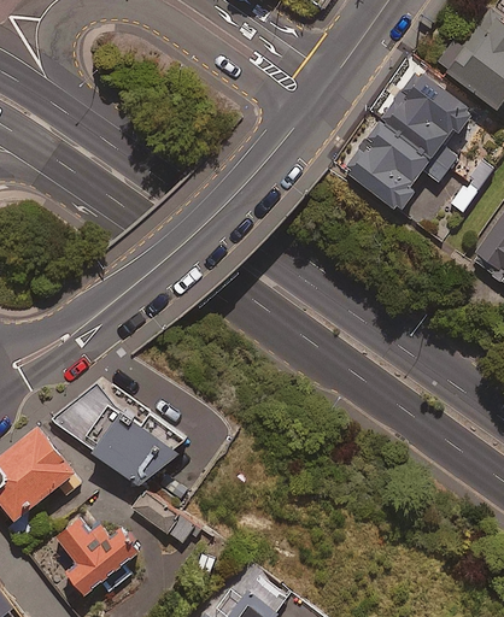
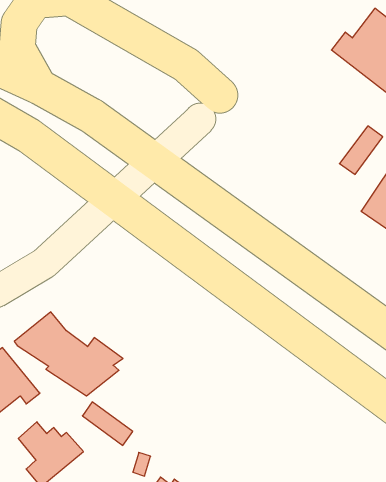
building: [346,72,477,215] -> none

